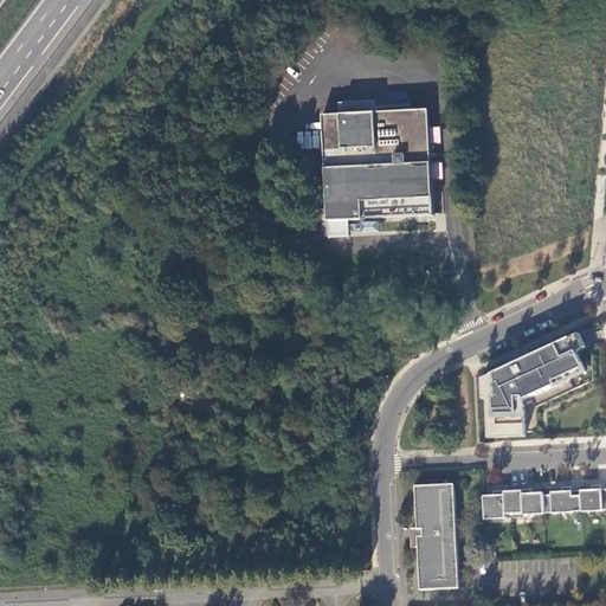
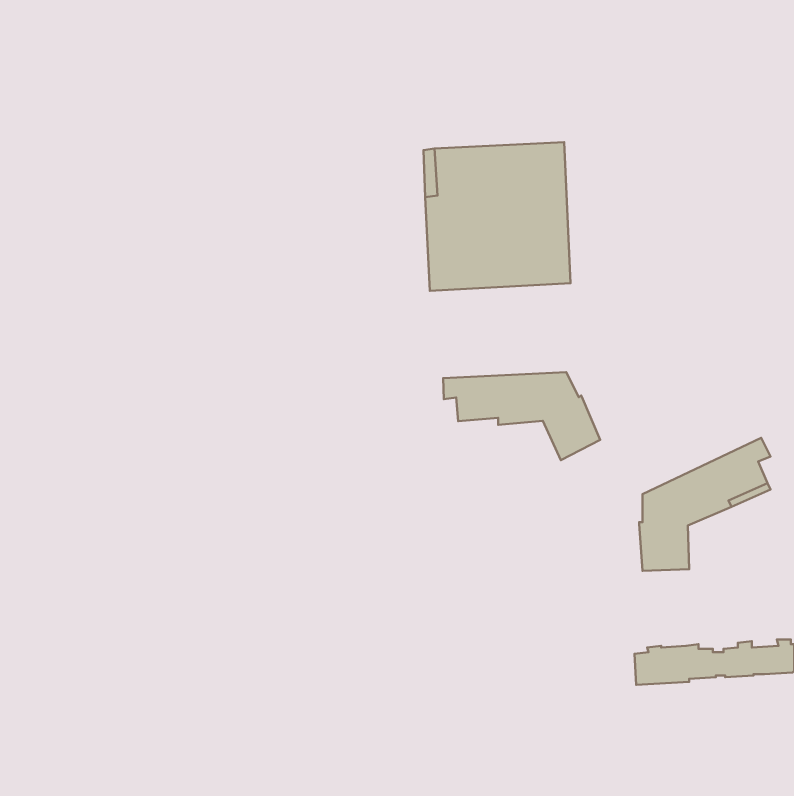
building: none -> [443,372,600,460]
building: [413,481,456,586] -> none

